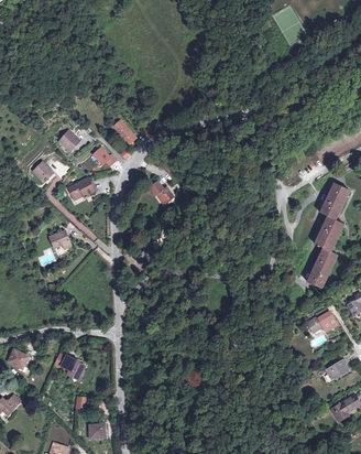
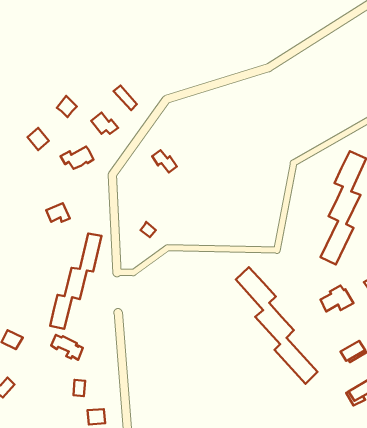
building: none -> [50,233,101,329]
building: none -> [236,267,317,384]

